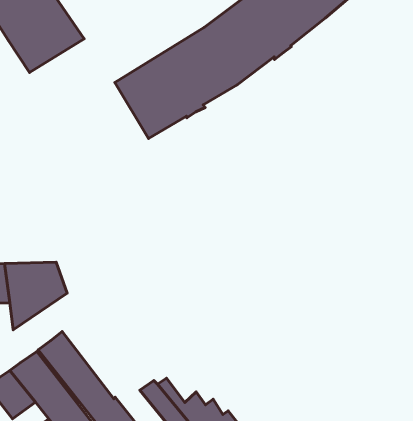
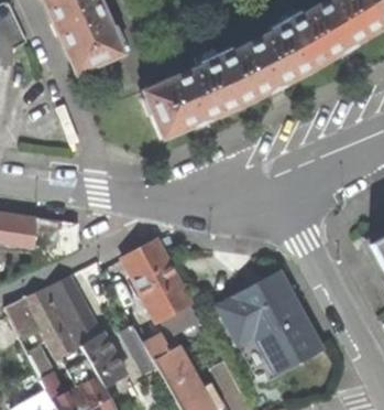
building: none -> [123,240,199,327]
building: none -> [217,271,320,373]

